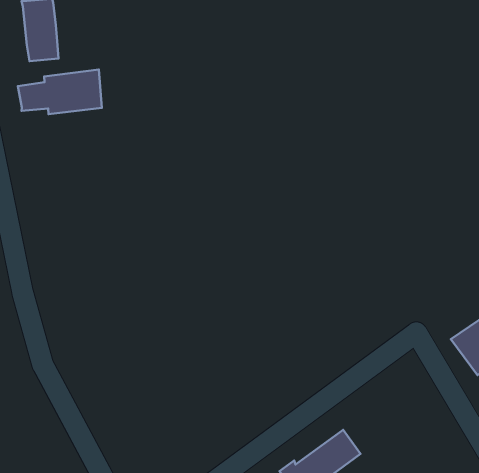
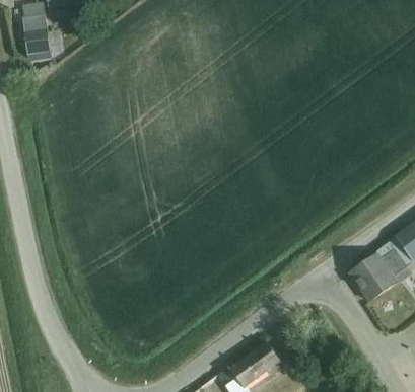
building: [18,70,102,114] -> none

